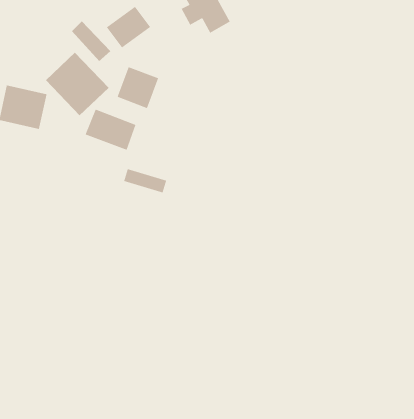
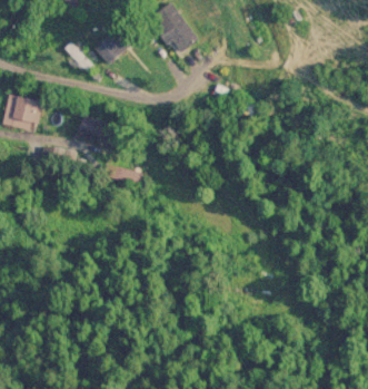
building: [45,52,109,116] -> none
building: [116,66,159,109] -> none

